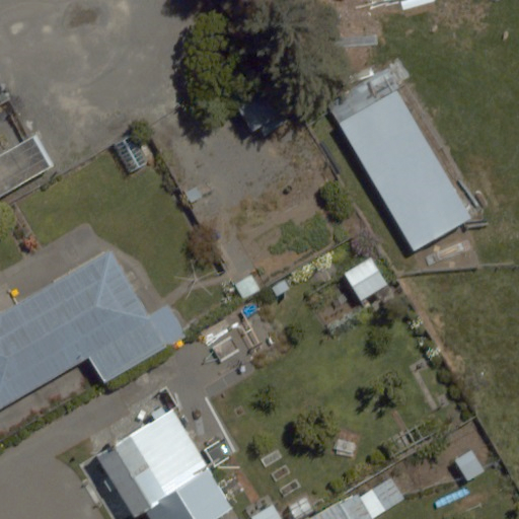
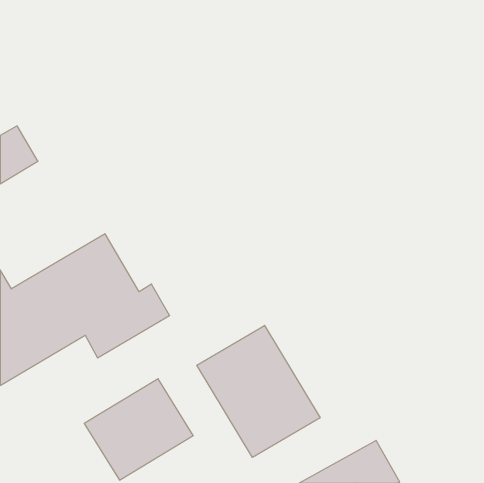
building: [316,63,467,249] -> none
building: none -> [197,325,320,457]

